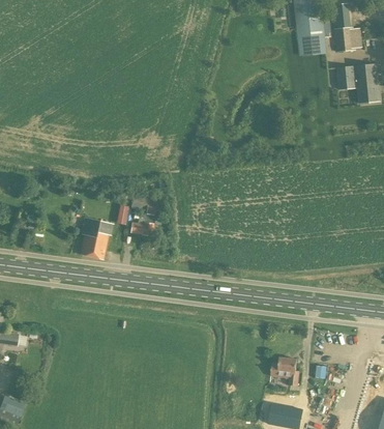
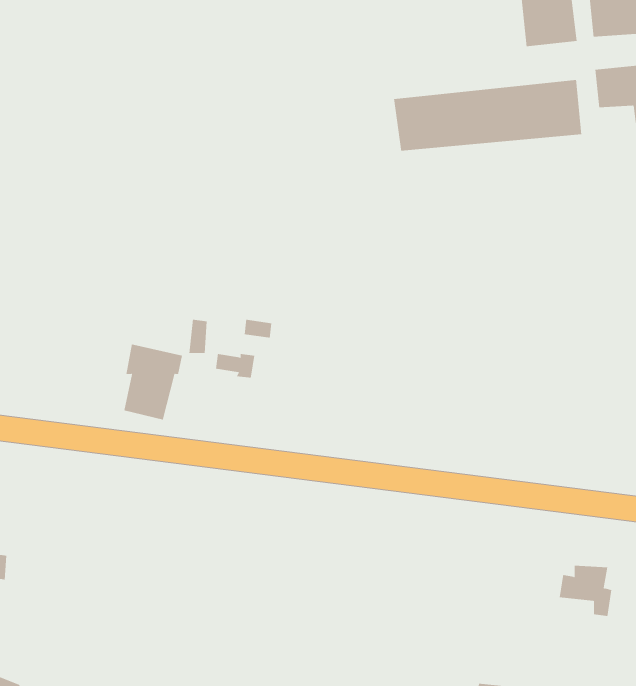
building: none -> [394,79,582,151]
building: [270,358,299,385] -> [559,565,612,617]

